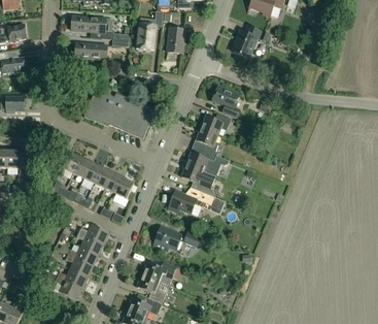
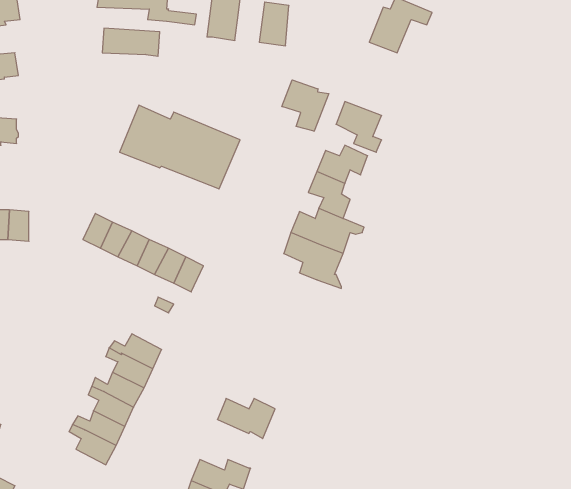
building: none -> [282,80,329,131]
building: [168,190,225,214] -> none
building: [152,226,202,251] -> none
building: [137,273,167,302] -> none

